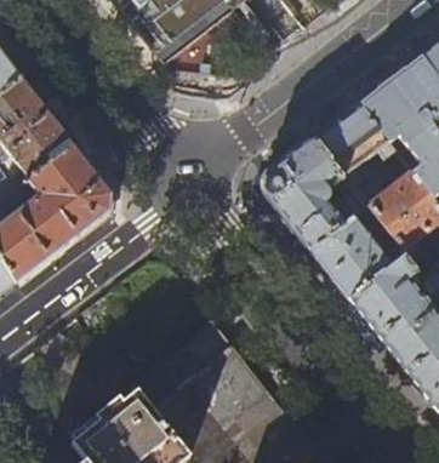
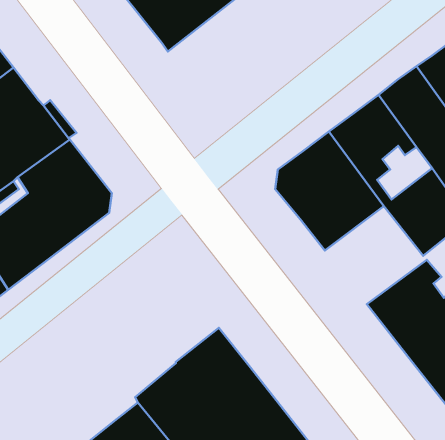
building: [309,206,404,297] -> none

